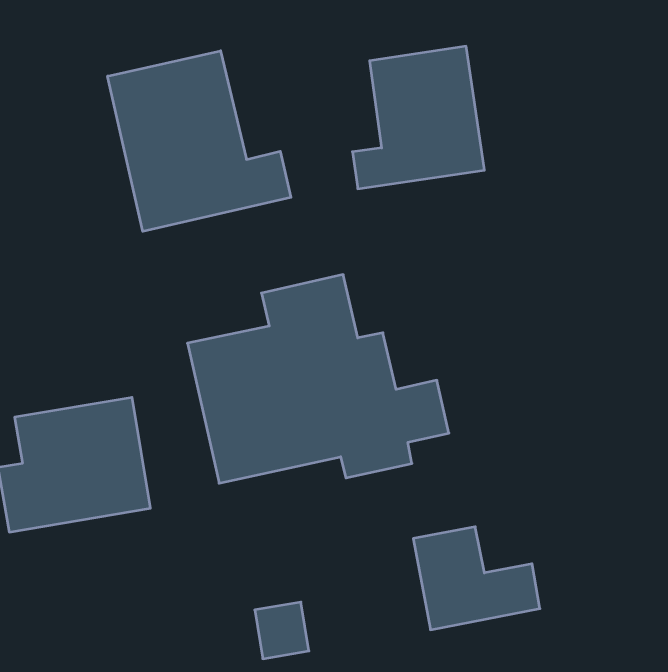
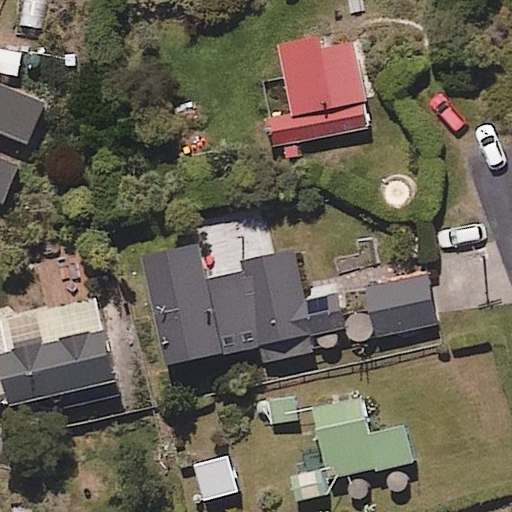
building: [108,51,291,231] -> none
building: none -> [365,275,435,338]

